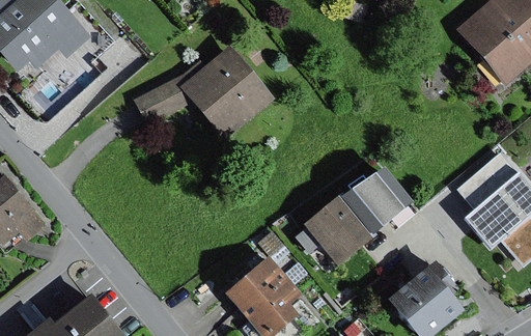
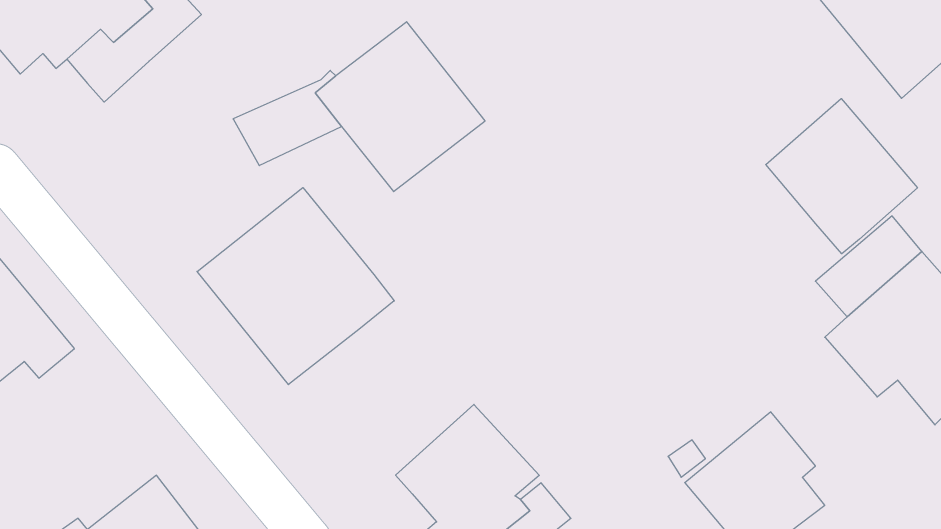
building: none -> [766,99,917,254]
building: none -> [197,188,394,385]
building: [303,168,412,269] -> none

